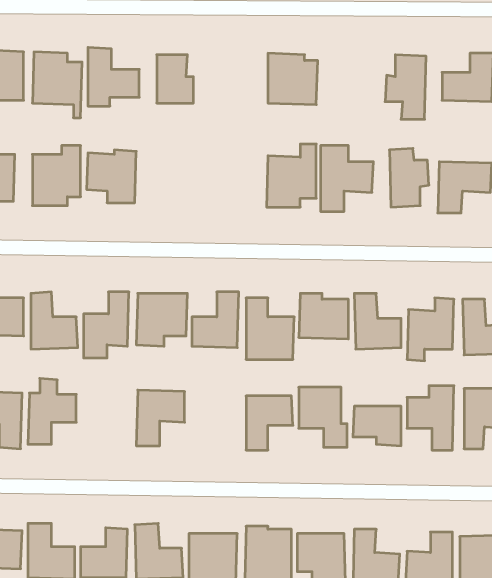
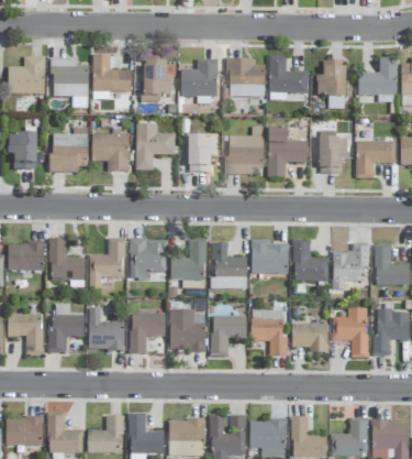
building: none -> [268,55,308,99]
building: none -> [180,58,216,102]
building: none -> [135,124,175,170]
building: none -> [188,135,216,172]
building: none -> [88,307,124,350]
building: none -> [168,309,205,351]

